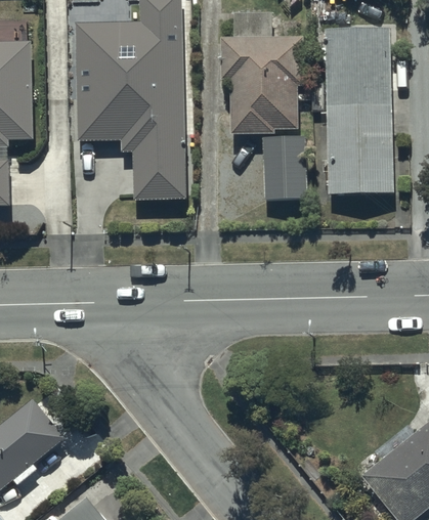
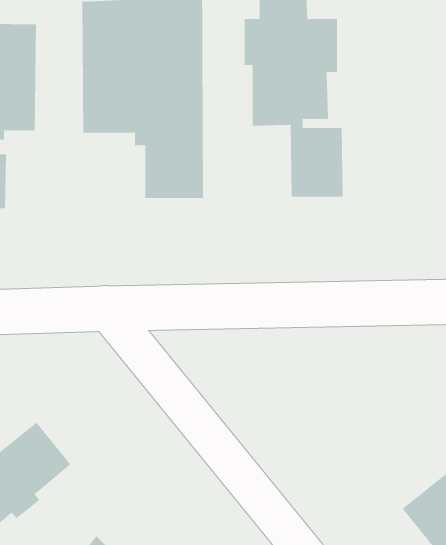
building: [319,29,392,197] -> none

